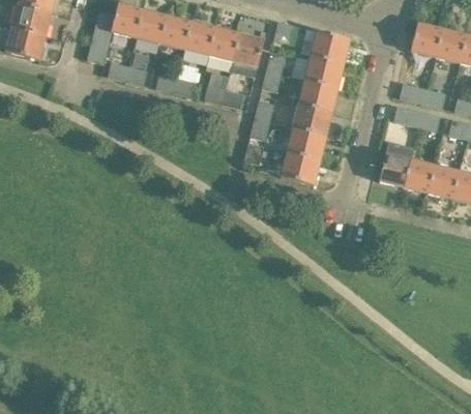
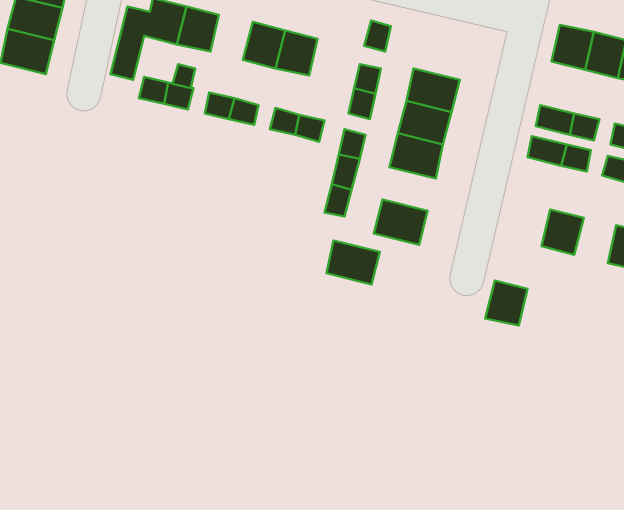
building: [159,16,190,49] -> none
building: [308,30,349,63] -> none
building: [230,33,264,77] -> none
building: [286,127,325,159] -> [326,241,380,284]
building: [378,152,409,185] -> [485,280,527,326]
building: [426,165,458,198] -> none

